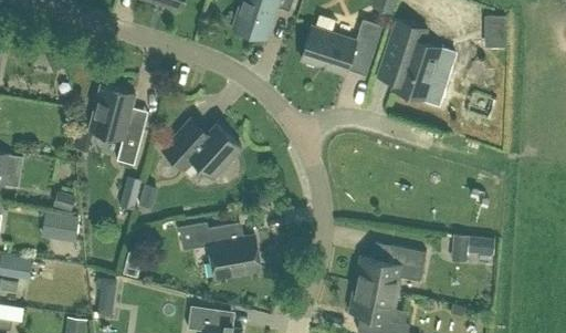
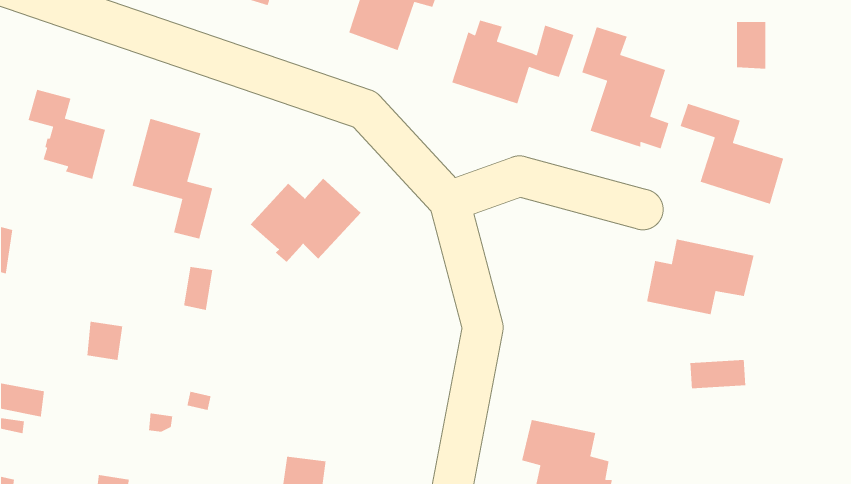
building: none -> [27,89,111,180]
building: none -> [679,103,784,205]
building: [179,221,259,277] -> none
building: [353,240,424,291] -> [646,239,754,315]

